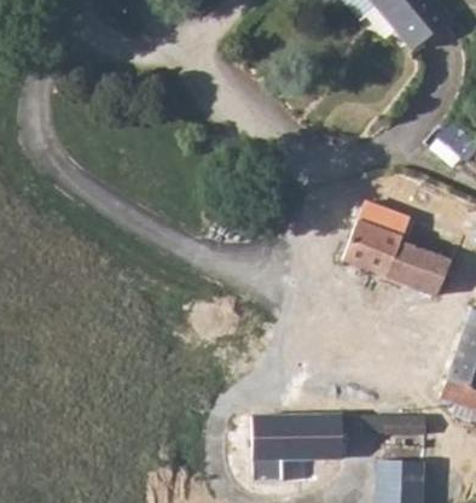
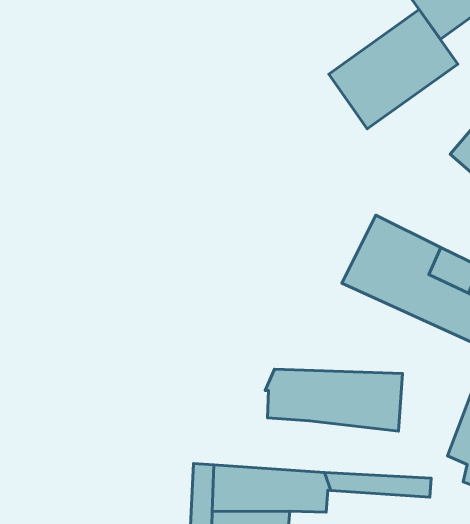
building: none -> [329,10,458,129]
building: none -> [265,369,403,431]

